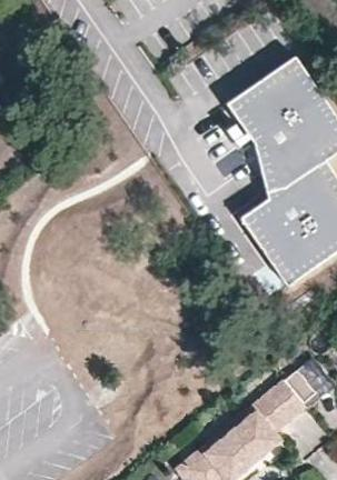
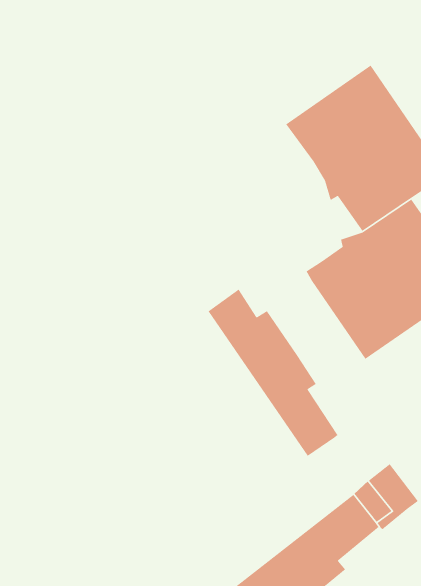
building: none -> [207,289,338,457]

